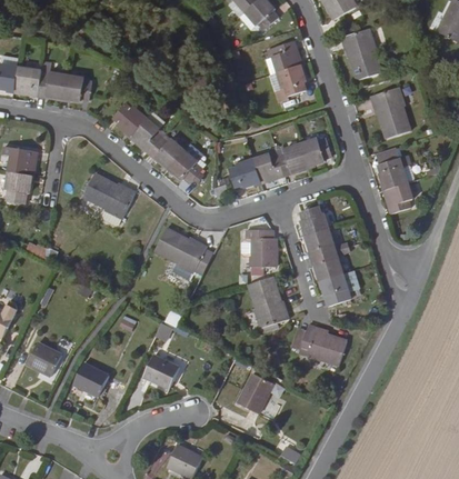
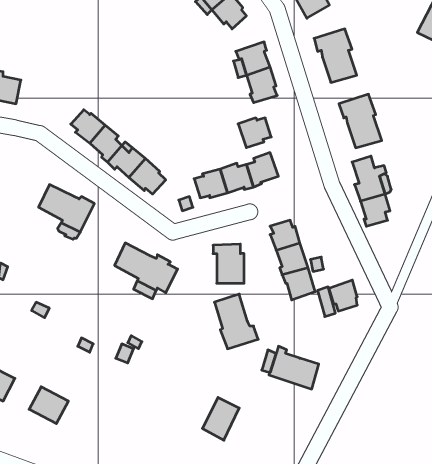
building: [62,76,90,100] -> none
building: [300,138,331,166] -> [238,118,271,148]
building: [320,273,347,302] -> [329,280,357,311]
building: [143,353,179,387] -> none

